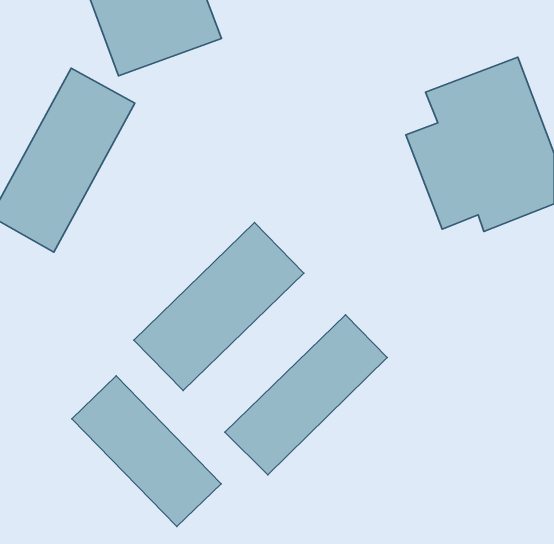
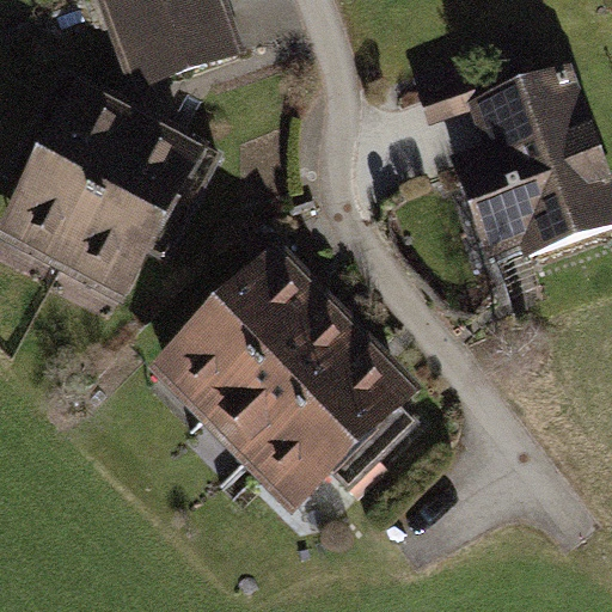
building: none -> [59,112,209,307]
building: none -> [200,298,377,471]
building: [72,376,221,527] -> none

